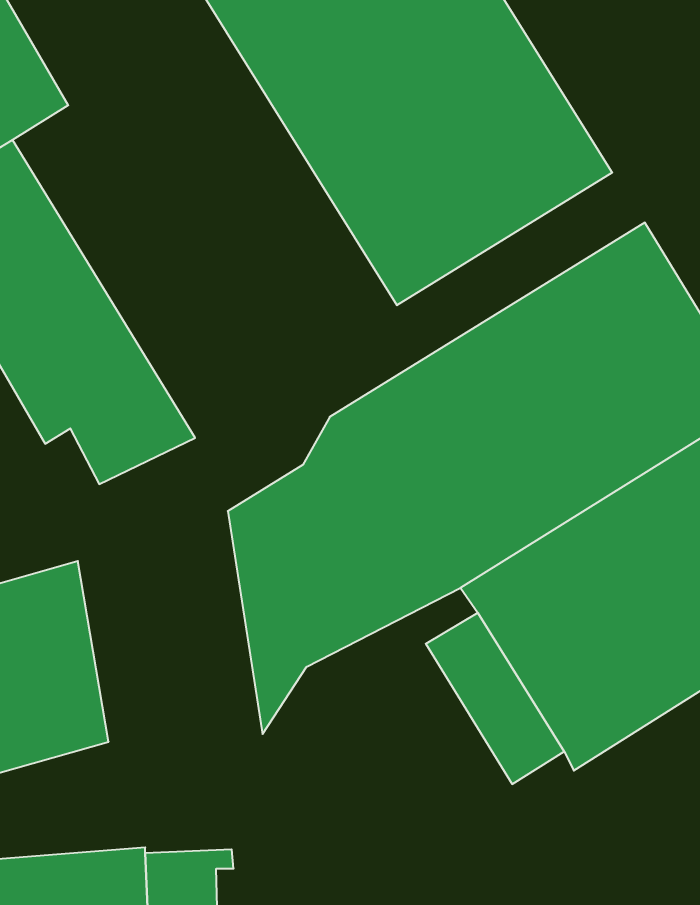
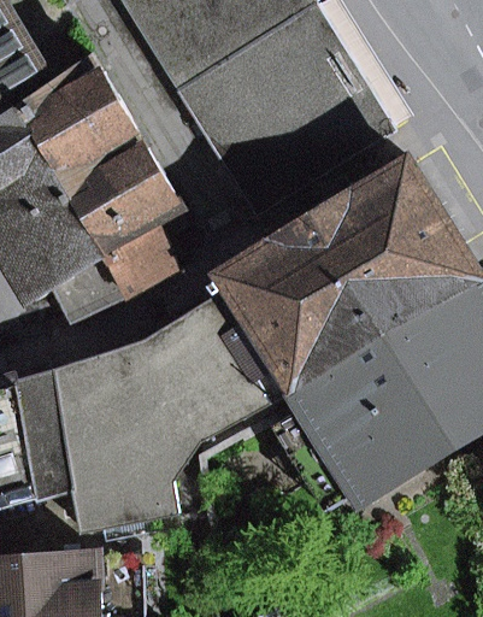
building: none -> [14,53,182,295]
building: none -> [55,341,177,529]

